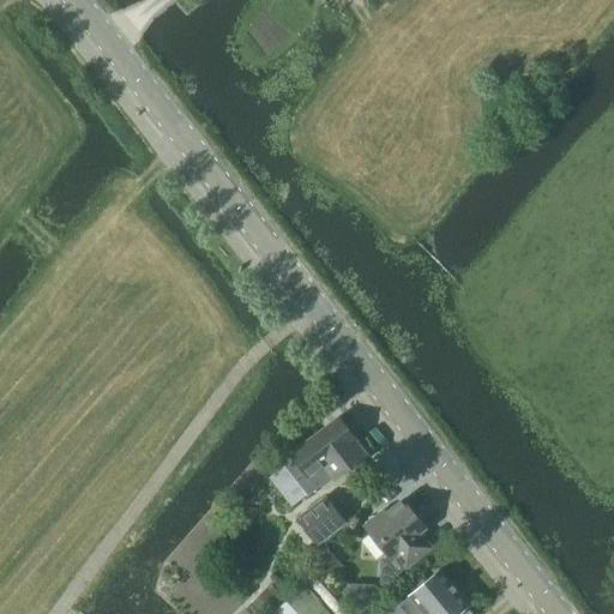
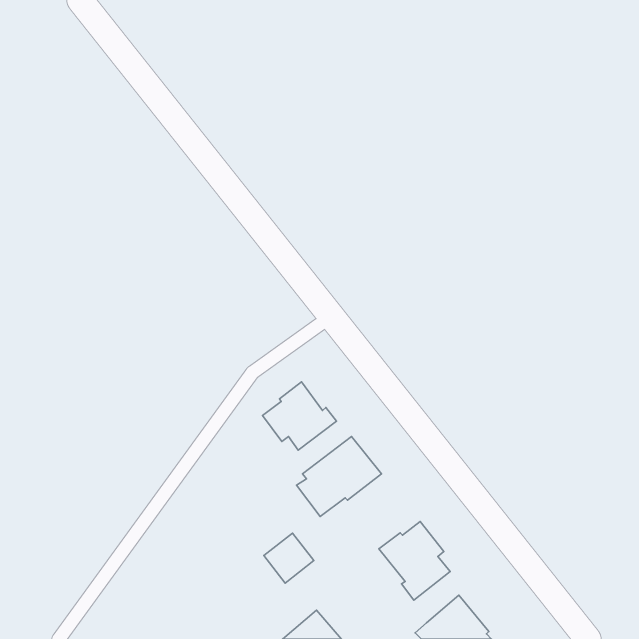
building: none -> [263,382,337,450]
building: [296,498,344,546] -> [264,533,314,583]

